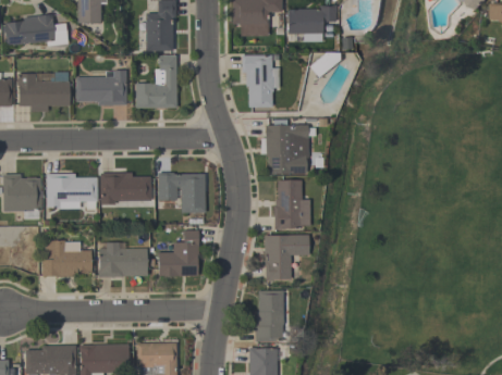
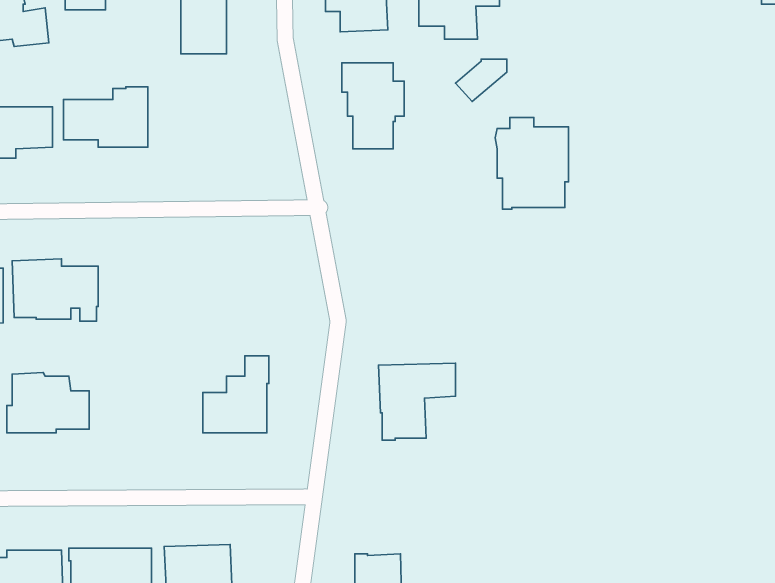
building: [136,55,176,109] -> none
building: [265,118,308,173] -> [495,118,569,209]
building: [100,172,150,203] -> none
building: [158,172,206,212] -> none
building: [274,178,310,228] -> none
building: [98,241,147,276] -> none
building: [255,289,284,341] -> none

